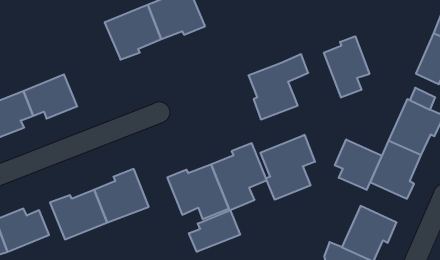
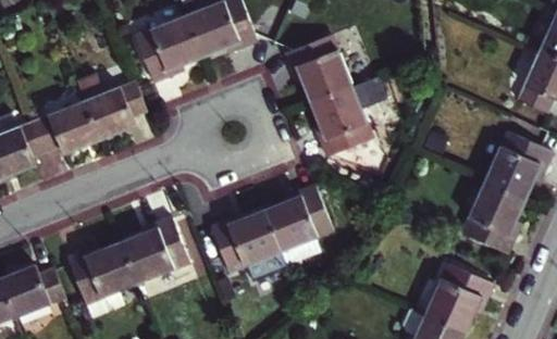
building: none -> [286,35,351,101]
building: [324,36,369,98] -> none
building: none -> [84,80,147,139]
building: [260,135,315,200] -> none
building: [335,139,382,190] -> none
building: [189,210,240,252] -> none

